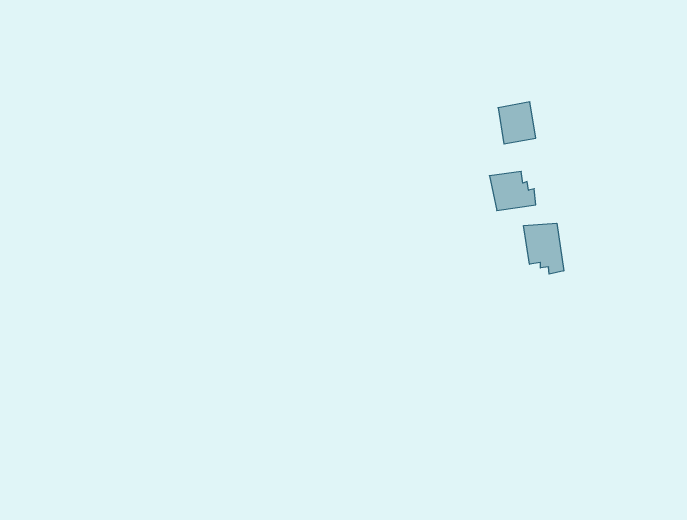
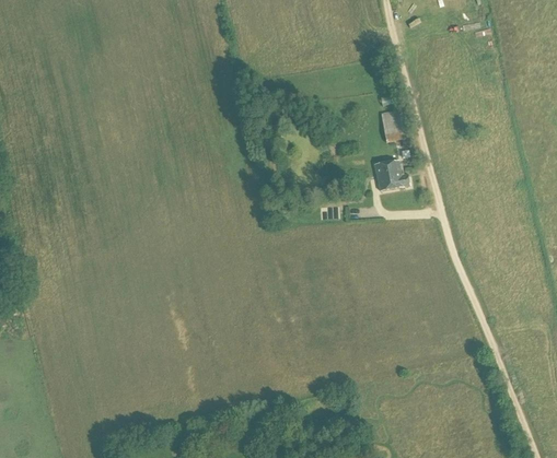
building: [524,223,564,274] -> none

